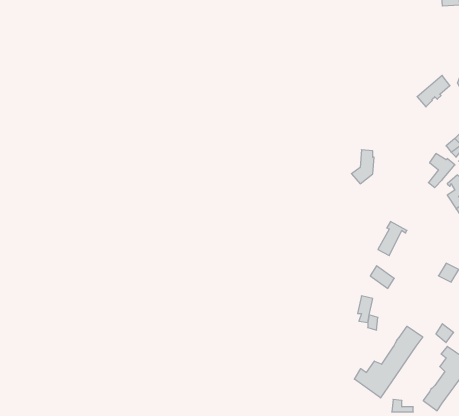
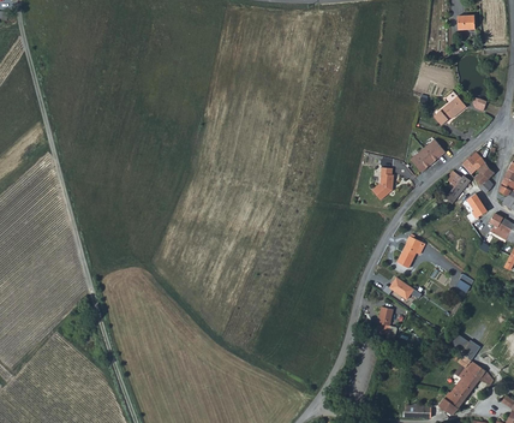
building: none -> [411,139,446,172]
building: [354,326,423,398] -> none

